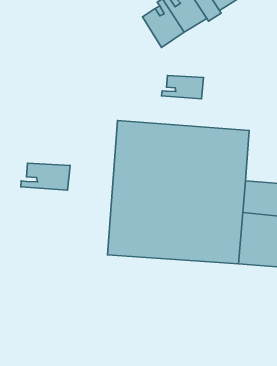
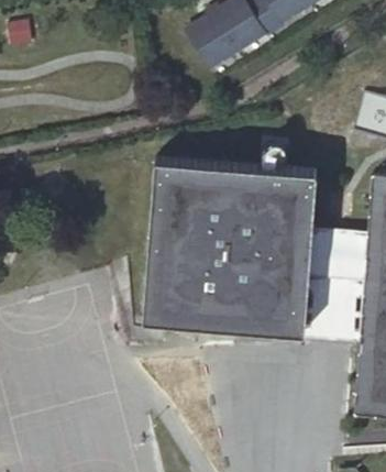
building: [162,76,203,99] -> none
building: [21,163,70,190] -> none

